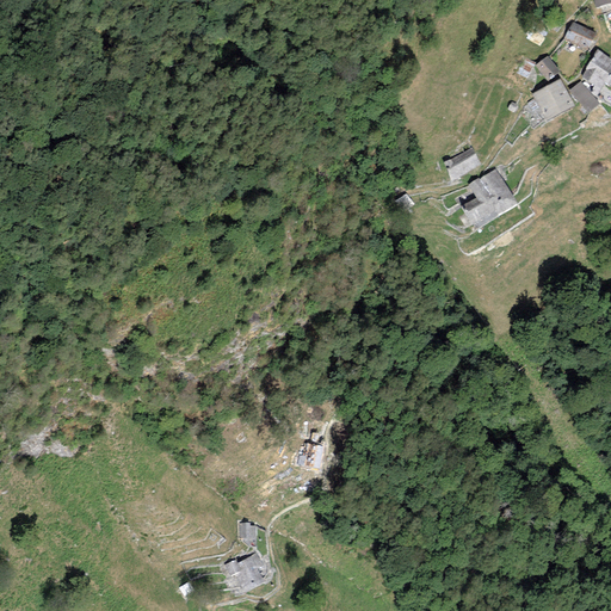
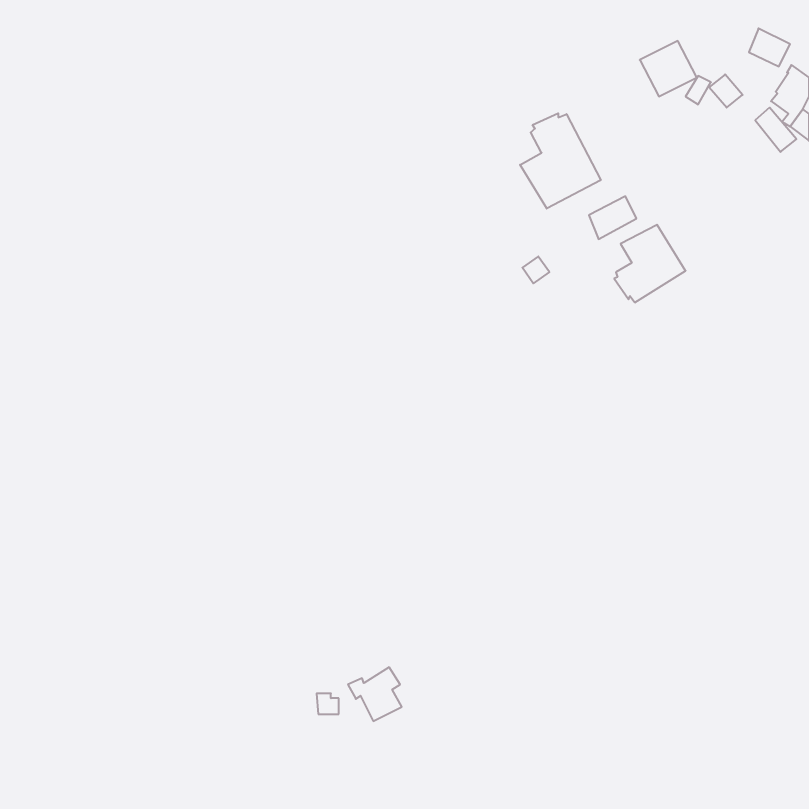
building: [531,79,574,121] -> [640,41,697,96]
building: none -> [520,113,601,209]
building: [224,553,265,593] -> [348,667,402,721]

